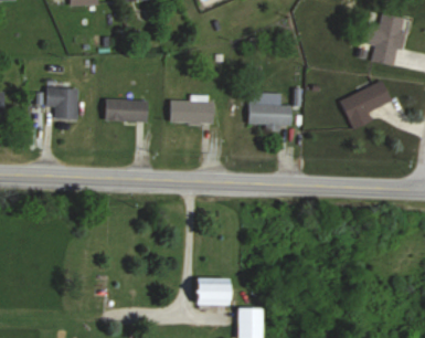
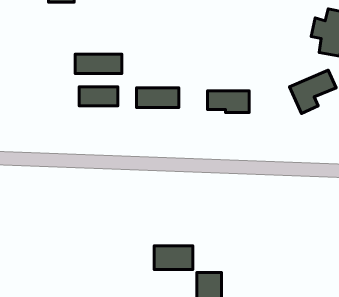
building: none -> [75,54,122,73]
building: [45,86,77,119] -> none

